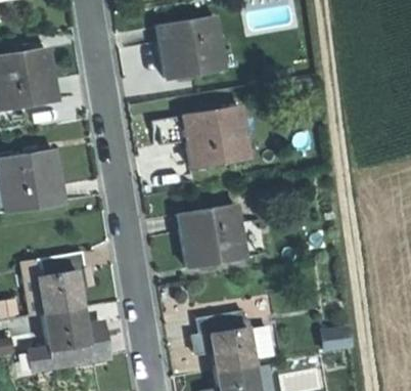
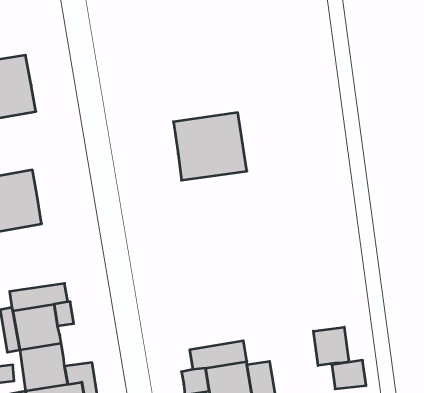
building: [157,15,225,78] -> none
building: [178,205,244,264] -> none
building: none -> [313,327,349,366]

